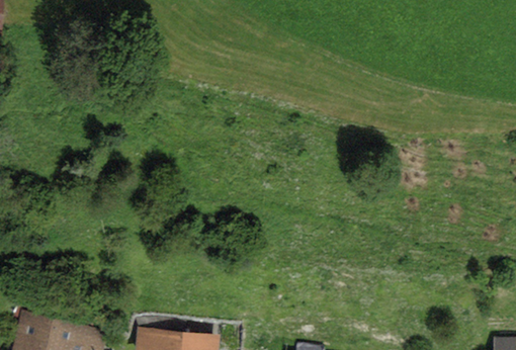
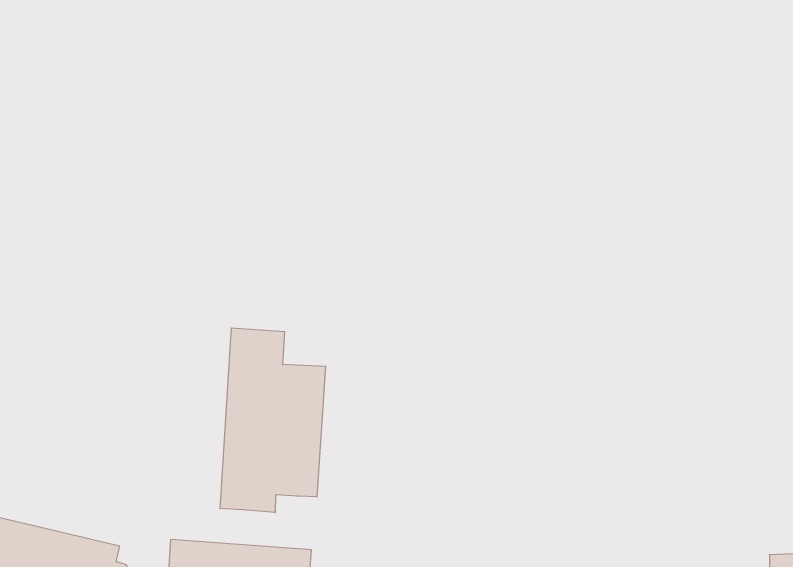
building: none -> [220,328,325,513]

